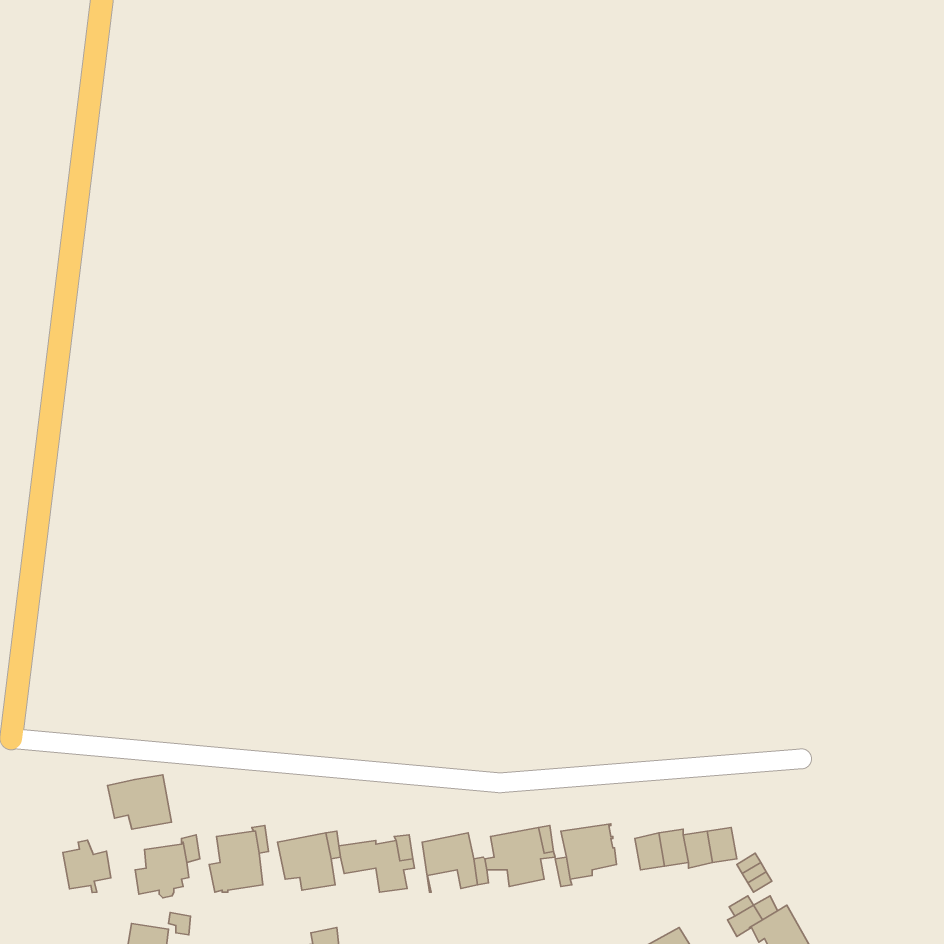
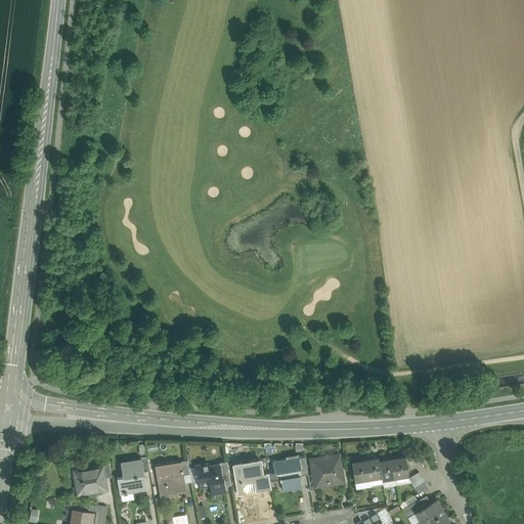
building: [108,775,172,829] -> none
building: [63,840,111,892] -> none

